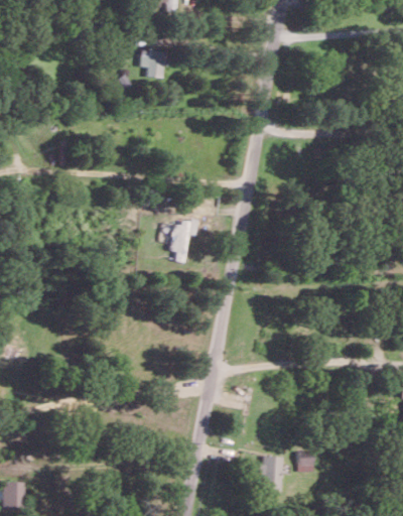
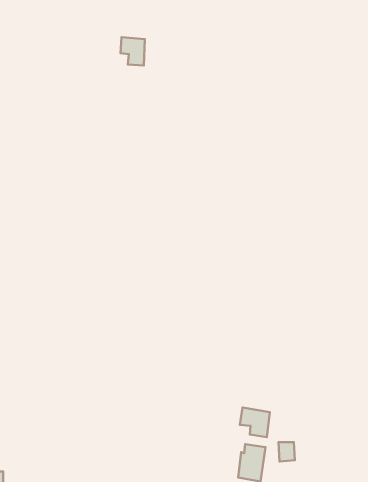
building: [169,219,197,262] -> none
building: none -> [240,408,270,437]

